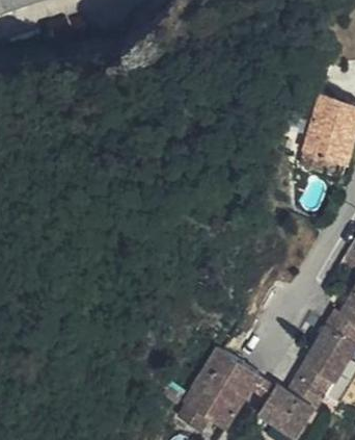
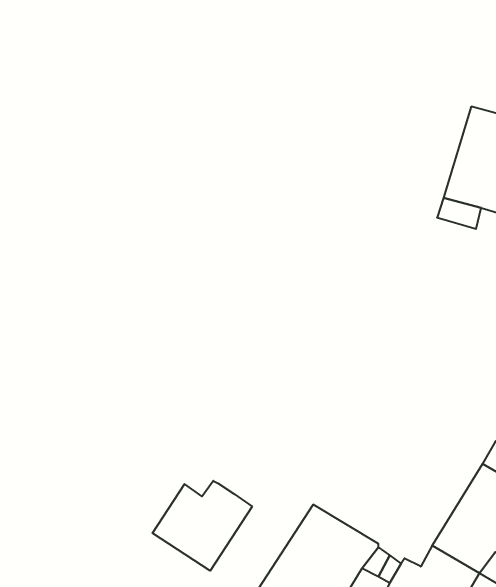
building: none -> [153,481,252,571]

